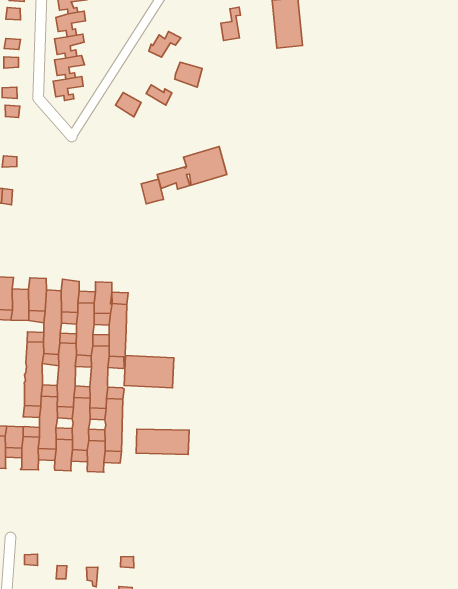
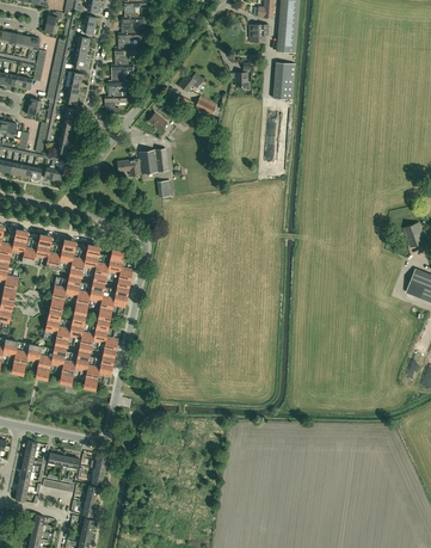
building: [157,147,227,189] -> [117,148,168,174]
building: [124,355,174,388] -> none
building: [136,429,189,454] -> none

